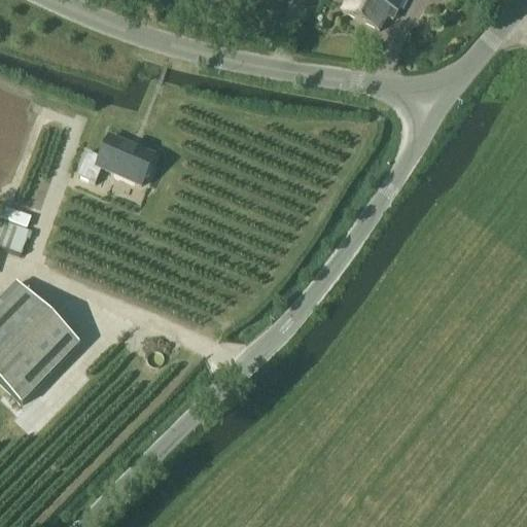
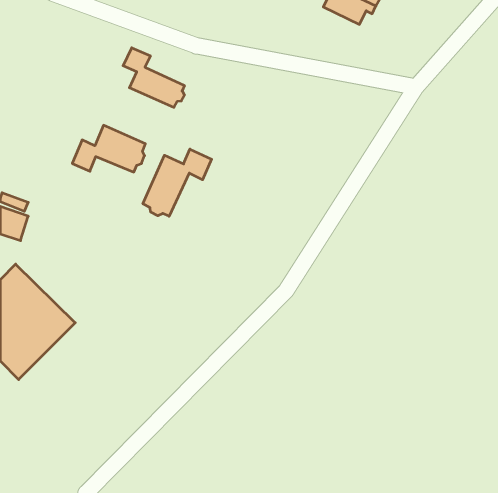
building: none -> [123,48,184,107]
building: none -> [143,149,212,216]

